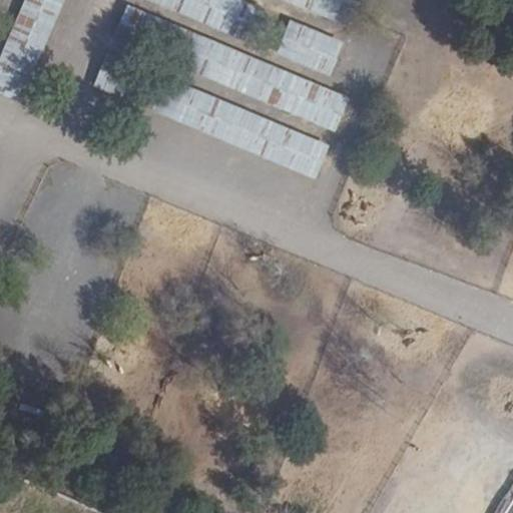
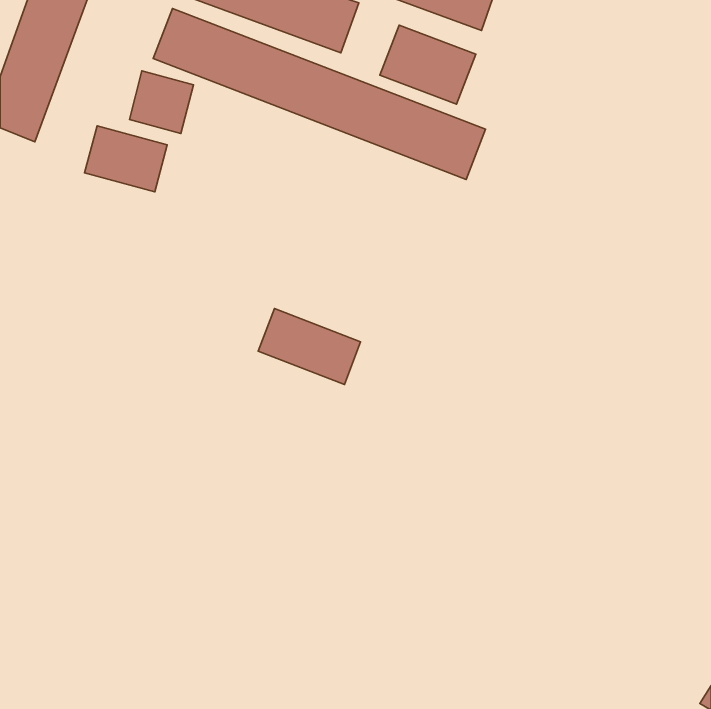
building: [144,74,330,175] -> none
building: none -> [85,126,167,192]
building: none -> [258,309,361,385]

